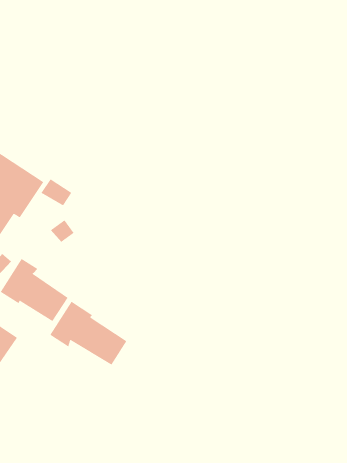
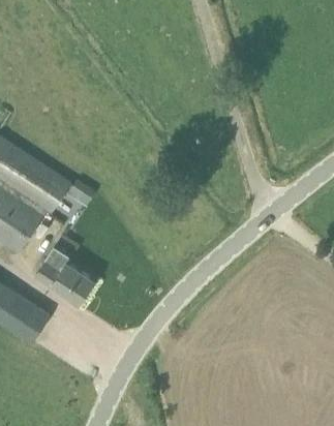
building: [49,301,127,365] -> none

